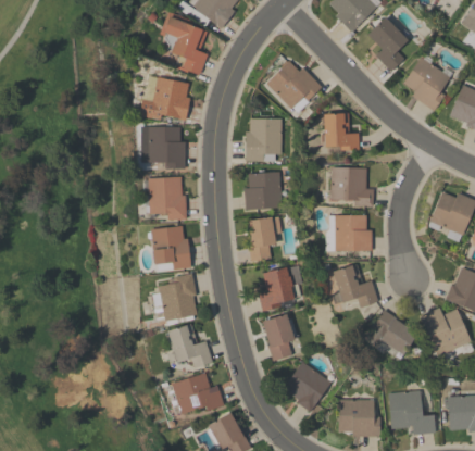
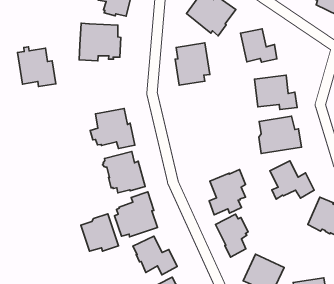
building: [148,123,185,168] -> [18,47,56,86]
building: [243,172,282,210] -> none
building: [246,215,282,261] -> none
building: none -> [81,214,118,251]

